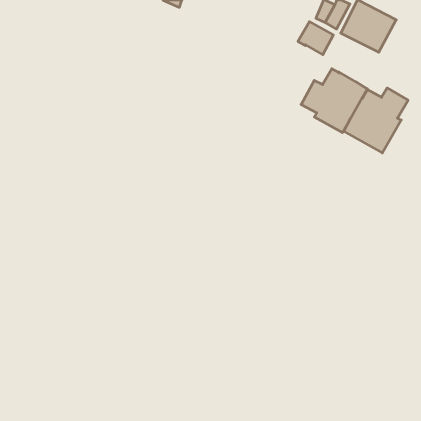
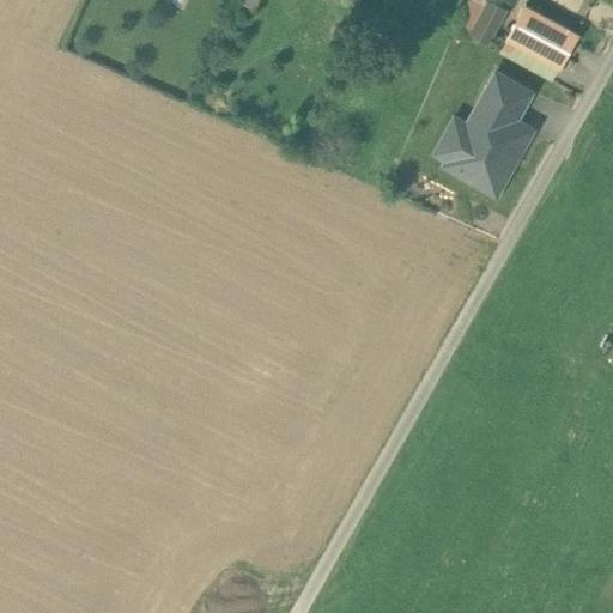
building: [298,22,333,55] -> [482,74,534,122]
building: [344,88,408,153] -> none

